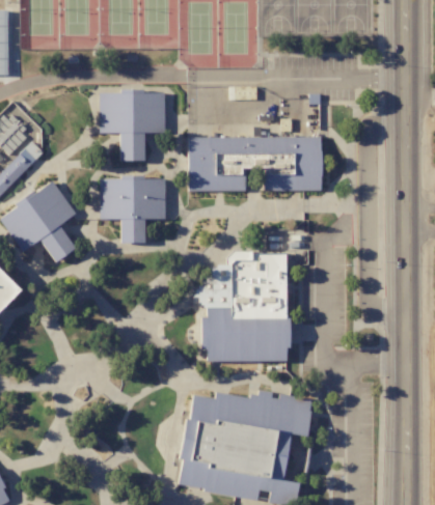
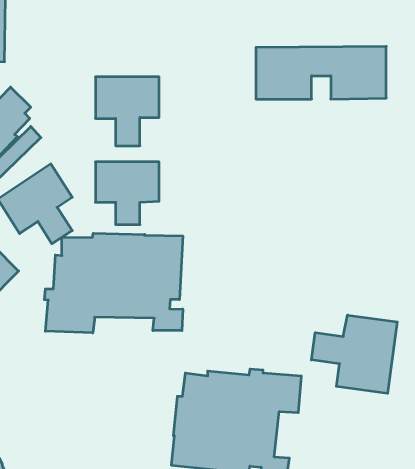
building: [189,137,323,191] -> [256,46,386,99]
building: none -> [44,233,183,333]
building: [197,252,290,362] -> none
building: none -> [311,315,397,393]

